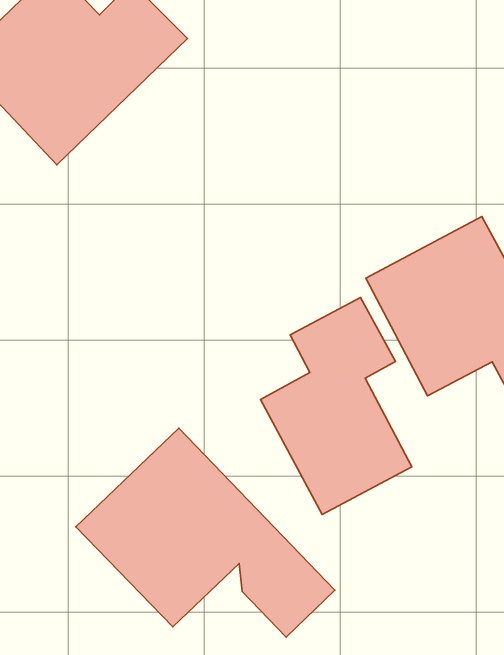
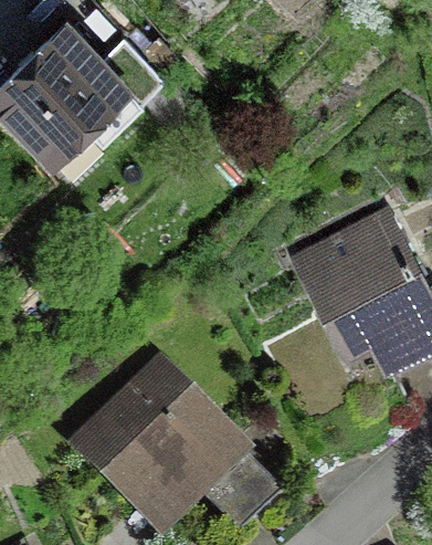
building: [260,298,412,514] -> none

